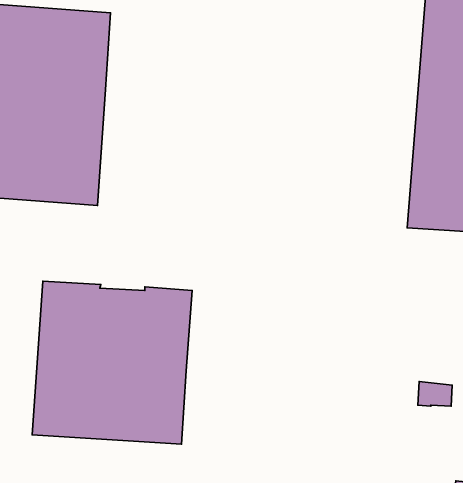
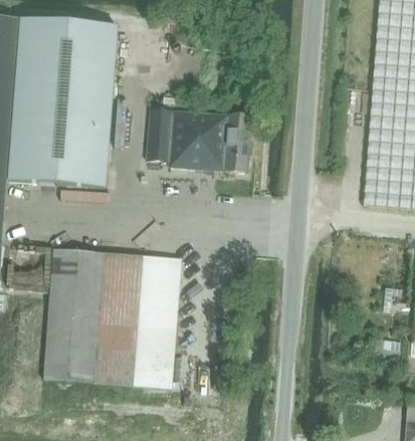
building: none -> [147,106,251,171]

